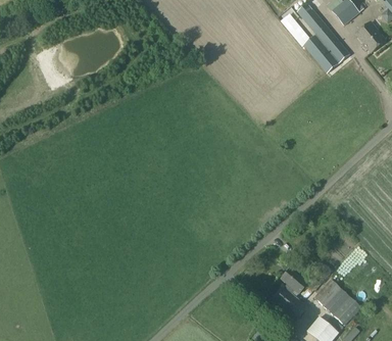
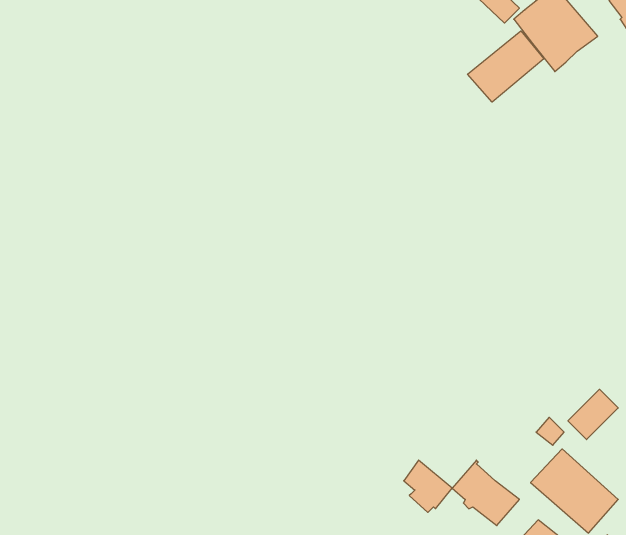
building: none -> [468,31,544,102]
building: [280,266,306,295] -> [404,460,452,512]

